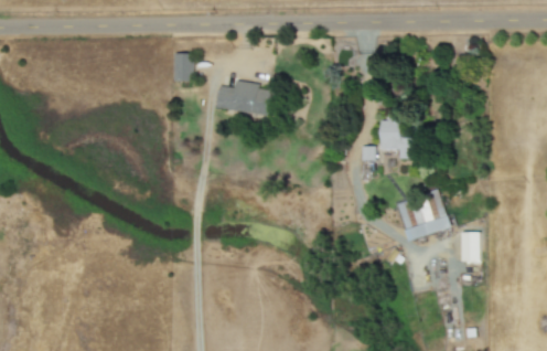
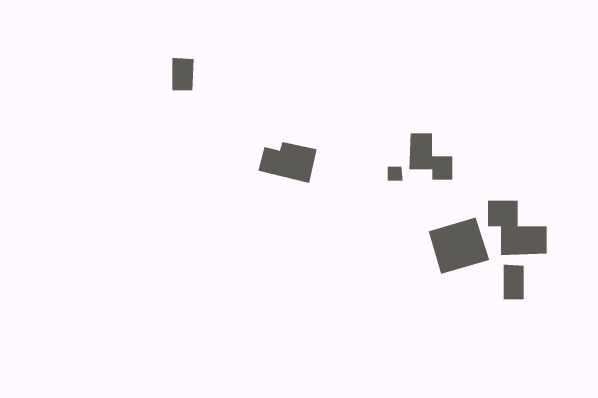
building: [215,81,267,117] -> [258,141,317,183]
building: none -> [487,200,547,256]

